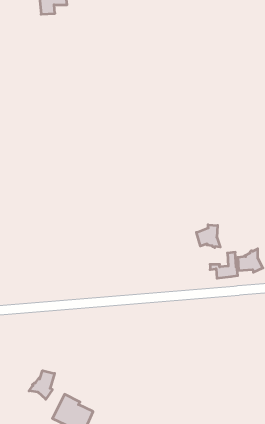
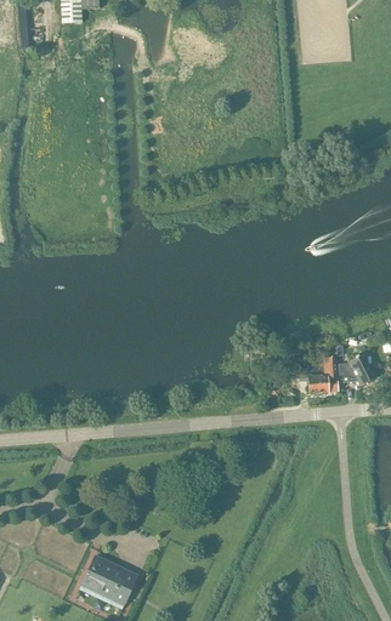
building: [196,225,220,248] -> none
building: [29,371,55,399] -> none

